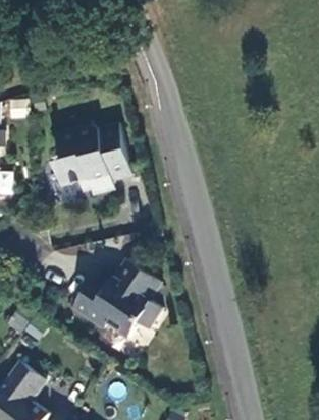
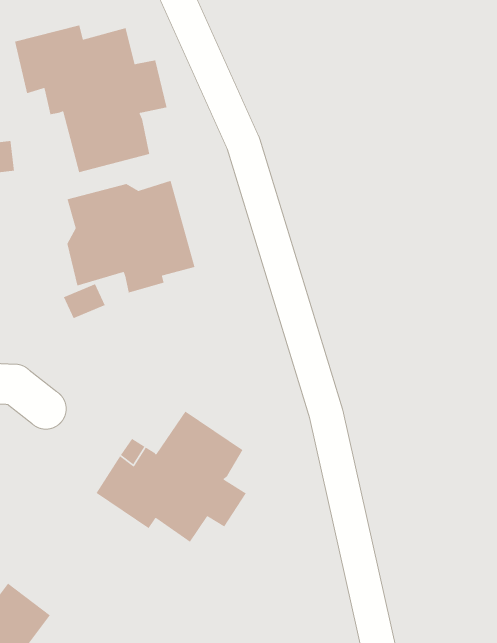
building: none -> [14,24,168,173]

